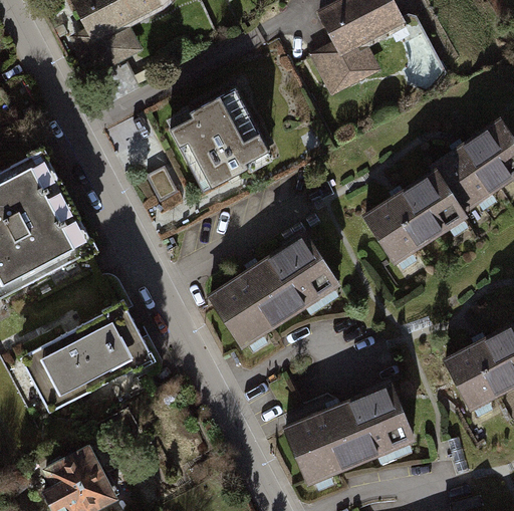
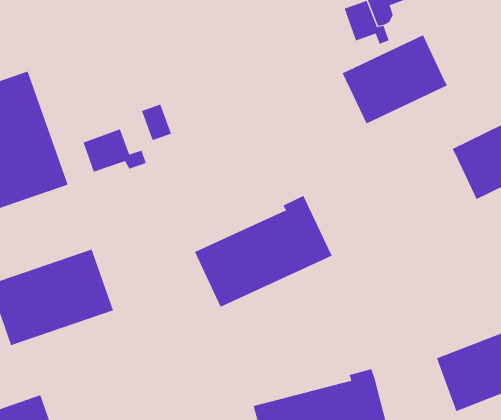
building: [168,88,265,193] -> none
building: [365,173,464,262] -> [342,35,448,124]
building: none -> [83,128,146,172]

